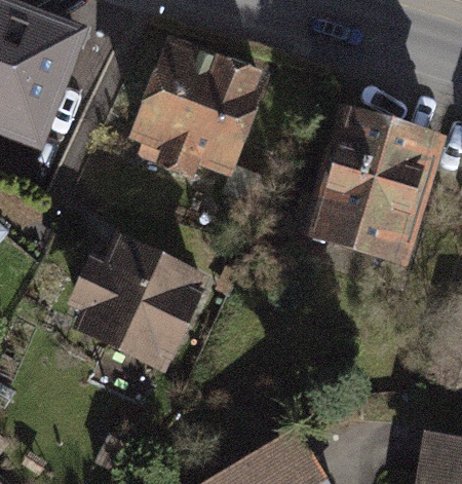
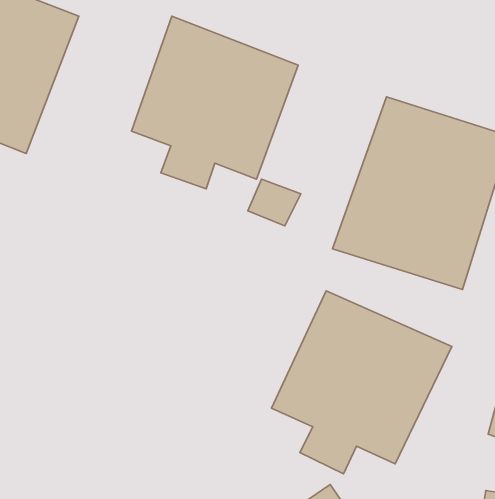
building: [69,231,210,373] -> none
building: none -> [271,291,452,474]

